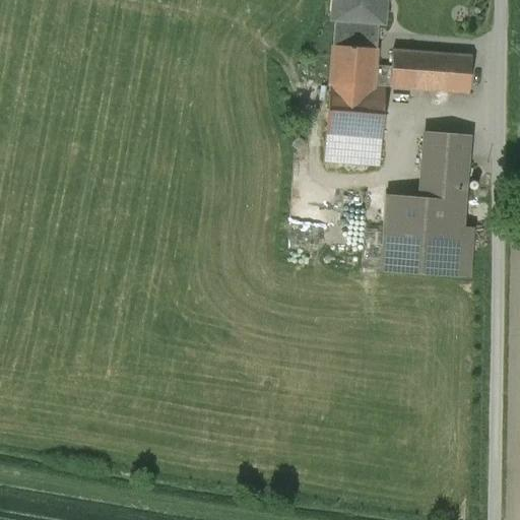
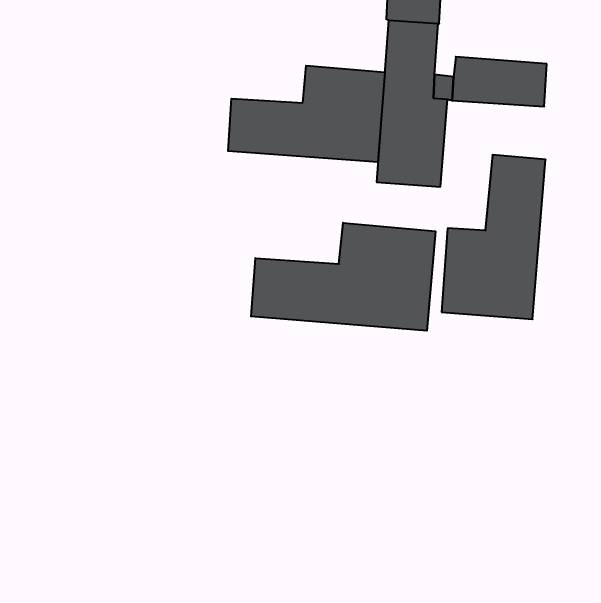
building: none -> [228,66,385,162]
building: none -> [251,223,435,331]

